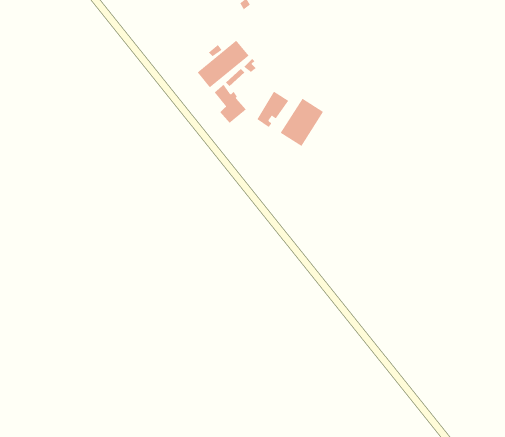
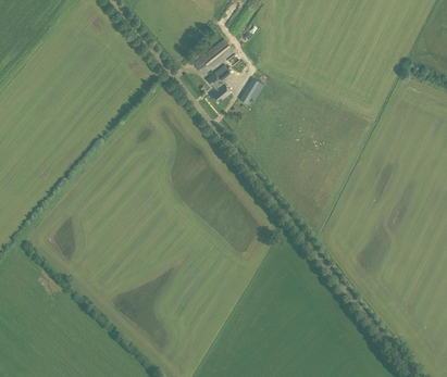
building: [280,98,324,147] -> none

